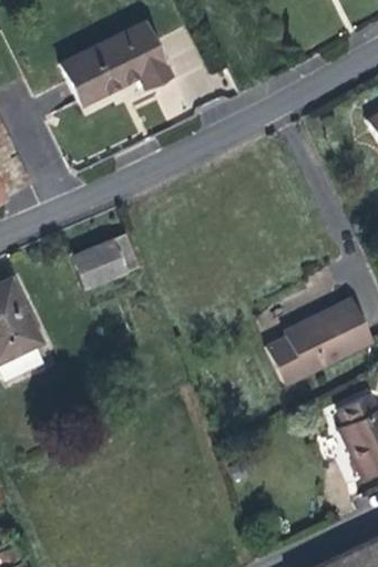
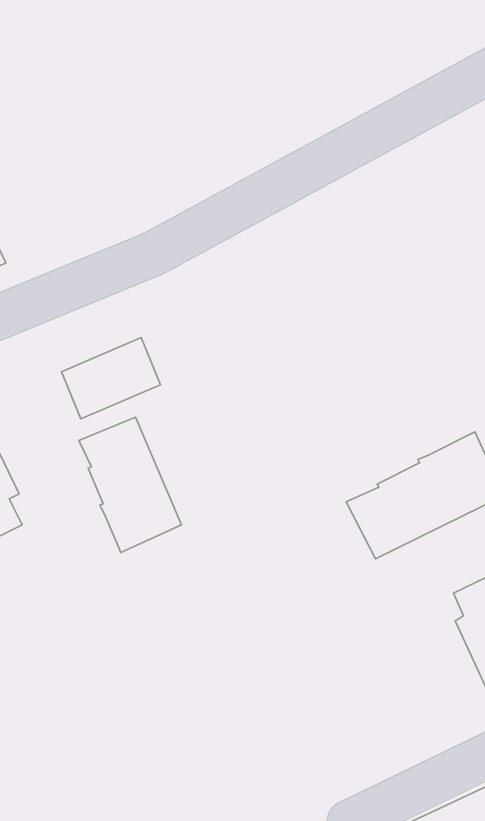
building: [62,24,168,104] -> none
building: none -> [79,417,182,553]

